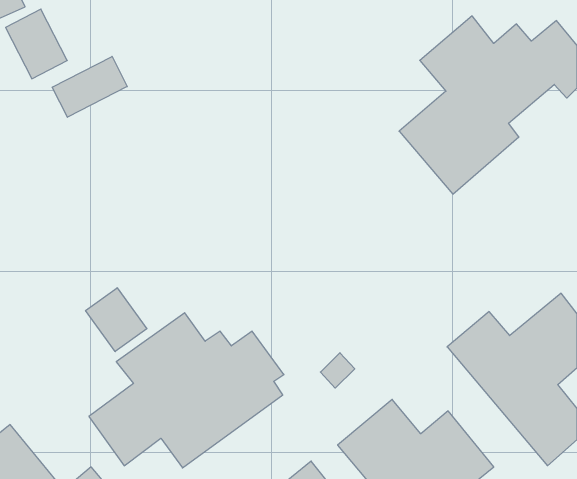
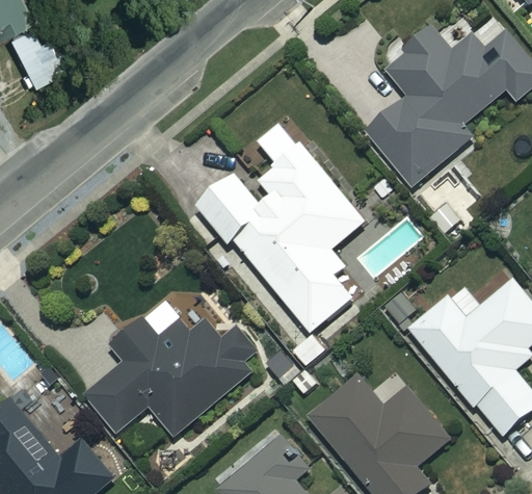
building: [52,56,127,117] -> none
building: none -> [195,142,364,331]
building: [86,288,147,352] -> none

